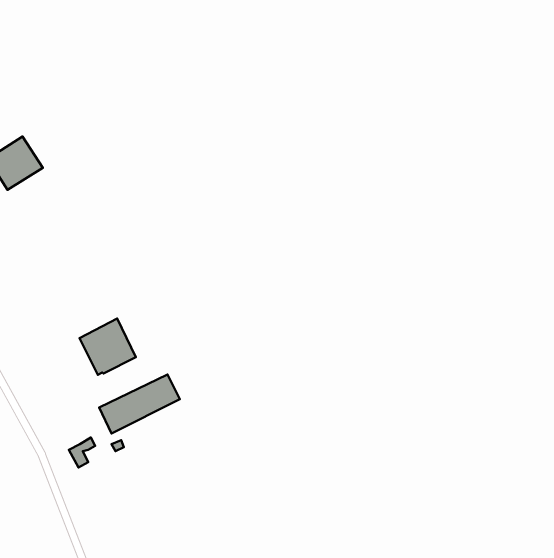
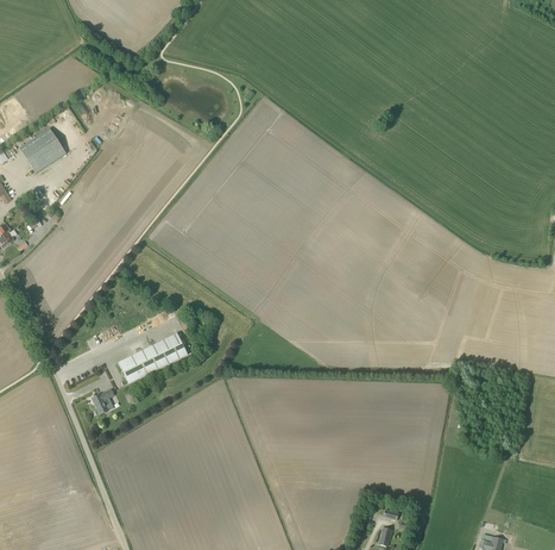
building: [79,319,136,375] -> none

